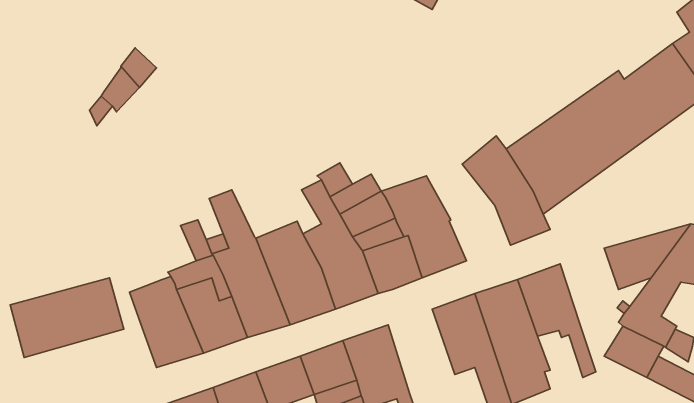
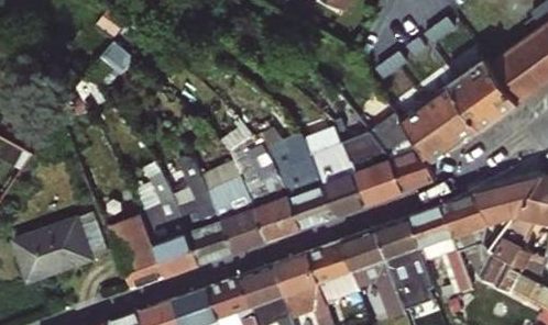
building: none -> [340,128,405,203]
building: none -> [443,193,489,253]
building: none -> [310,240,362,305]

